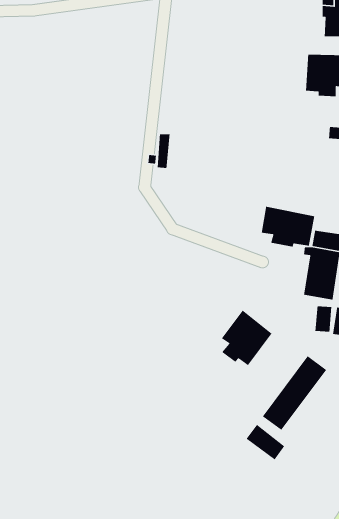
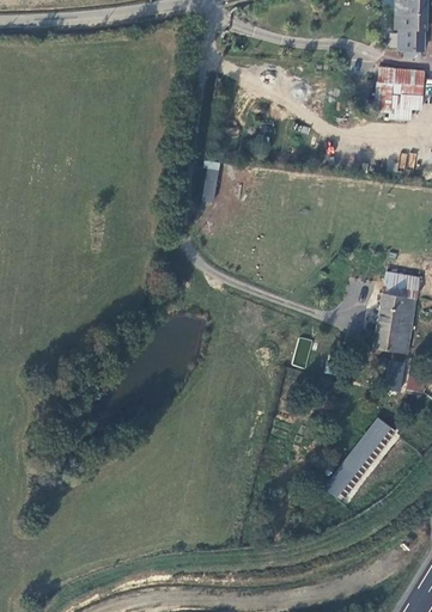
building: [261,206,315,247] -> none
building: [221,309,273,366] -> none
building: [246,424,285,460] -> none

